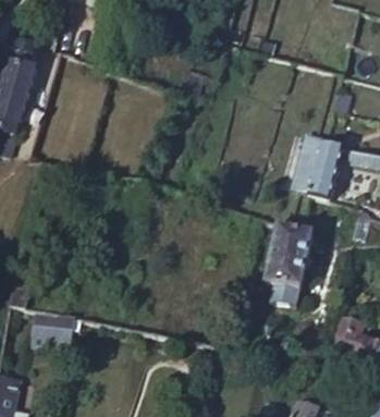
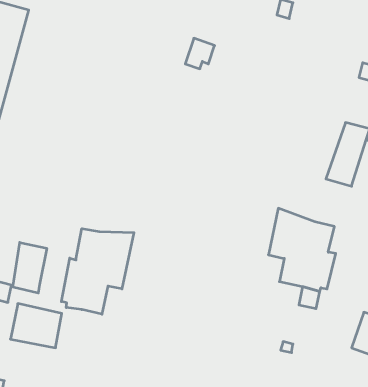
building: none -> [61,229,134,314]
building: none -> [13,242,47,293]

